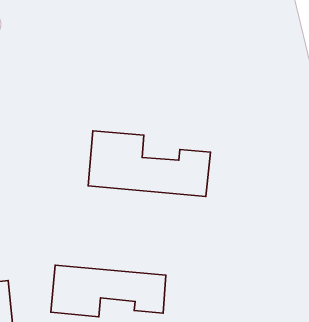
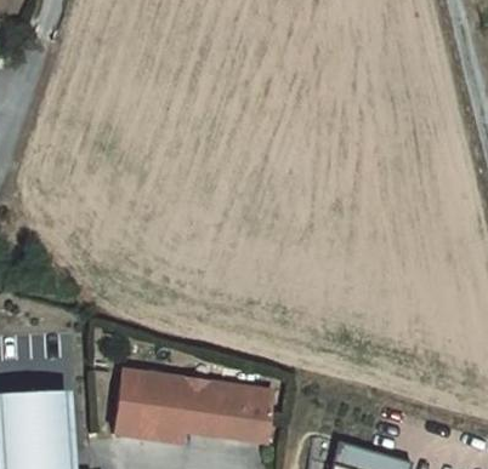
building: [88,131,211,196] -> none

